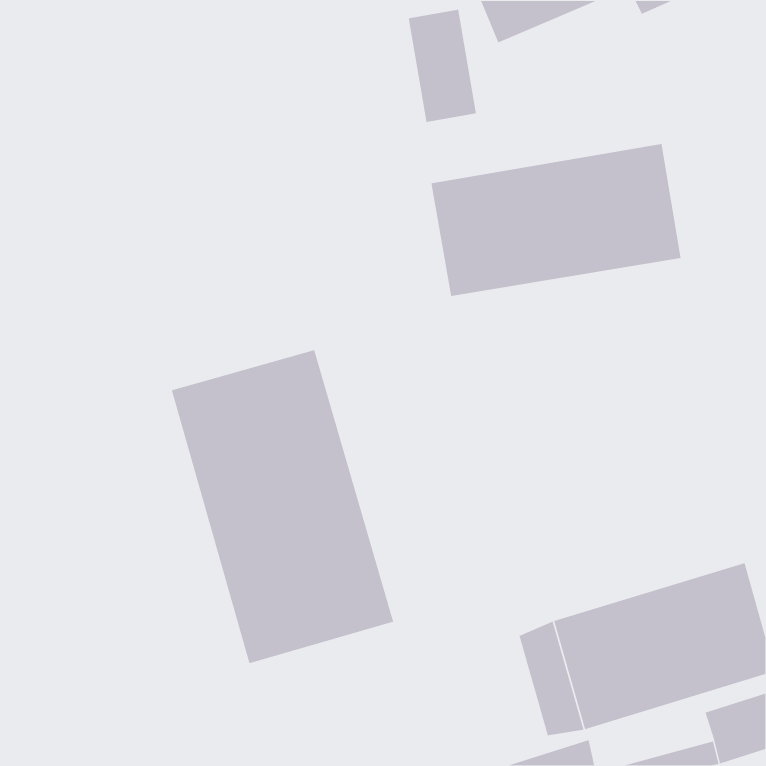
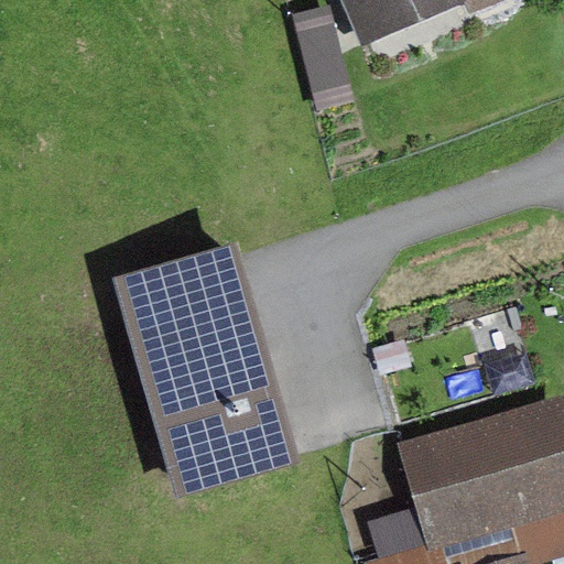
building: [431,143,682,297] -> none

